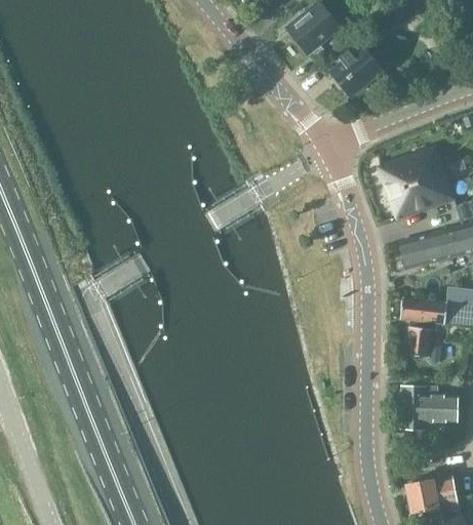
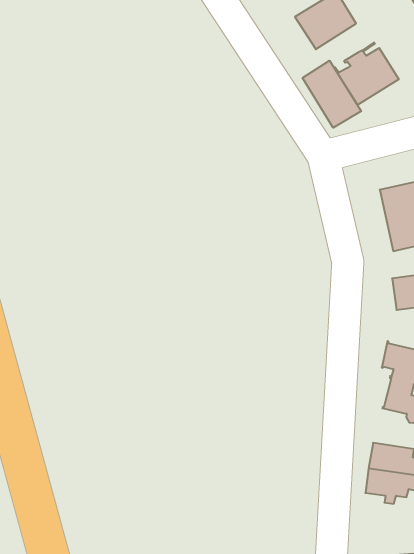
building: none -> [303,61,361,128]

